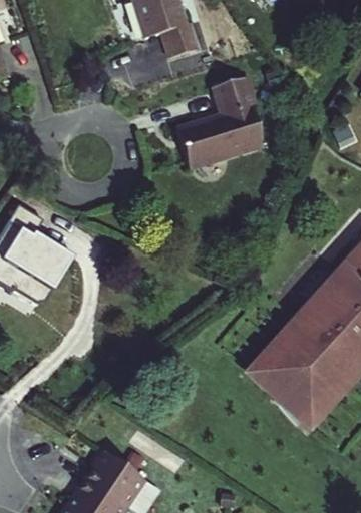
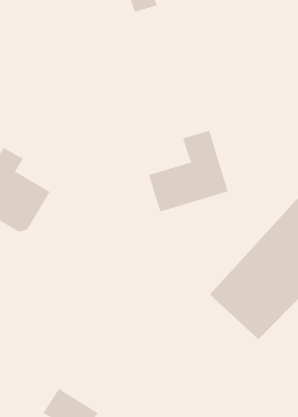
building: [168,71,259,163] -> [148,130,229,212]
building: [84,450,147,506] -> none

